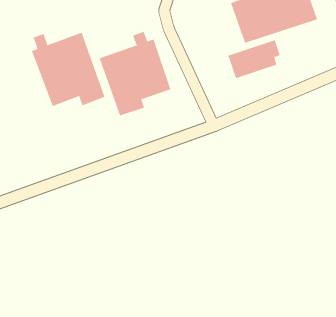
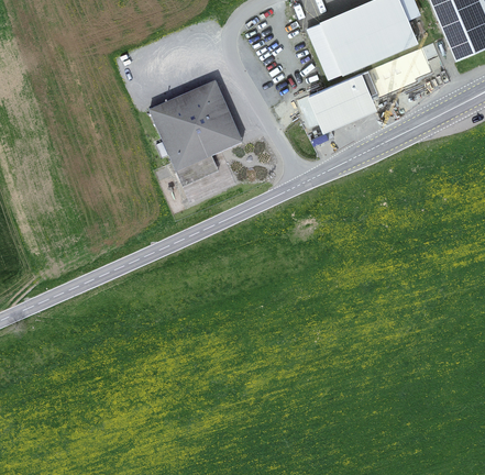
building: [31,32,105,107] -> none

